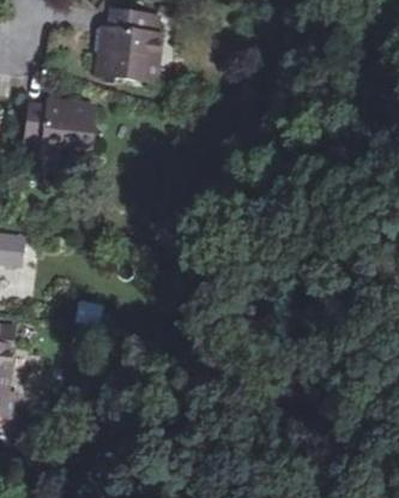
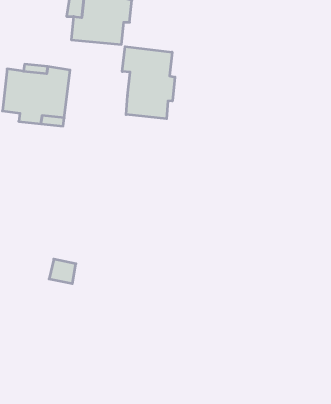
building: none -> [122,47,175,119]

